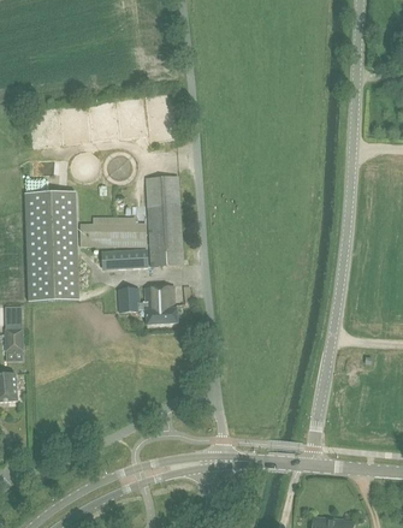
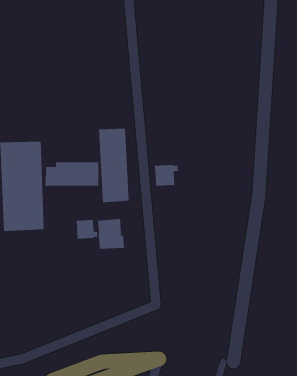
building: none -> [155,164,179,186]
building: [102,249,147,268] -> none

